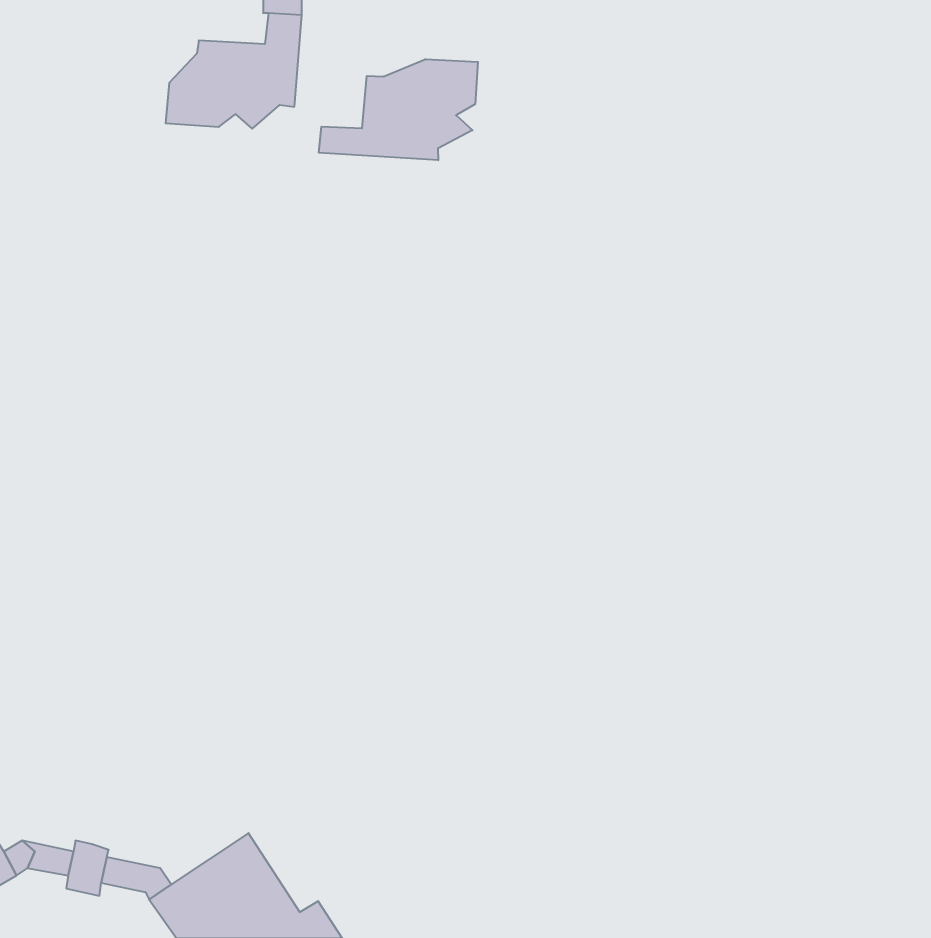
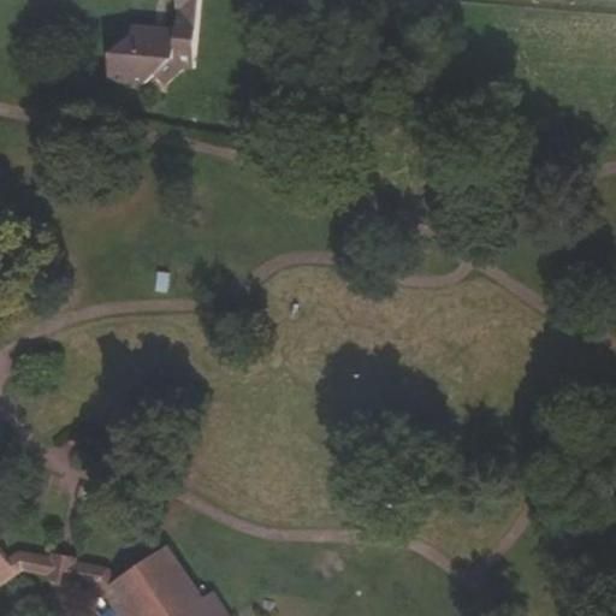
building: [319,59,478,160] -> none

